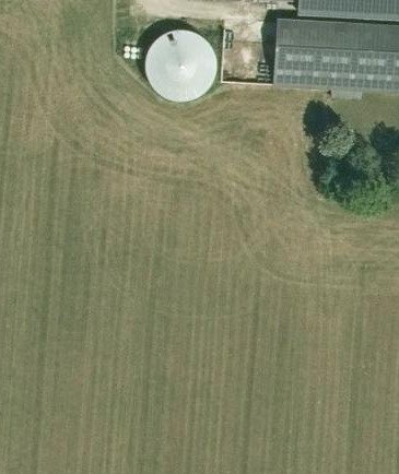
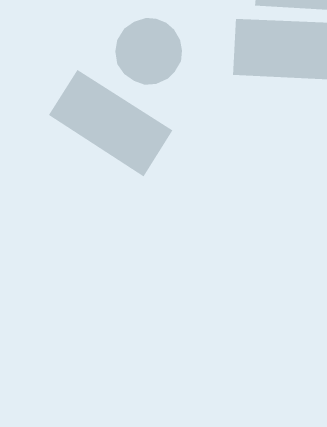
building: none -> [48,69,174,177]

